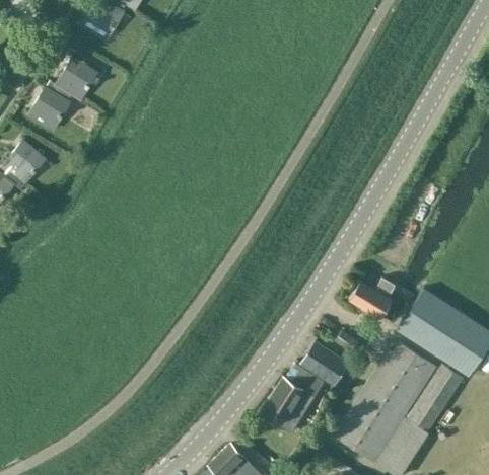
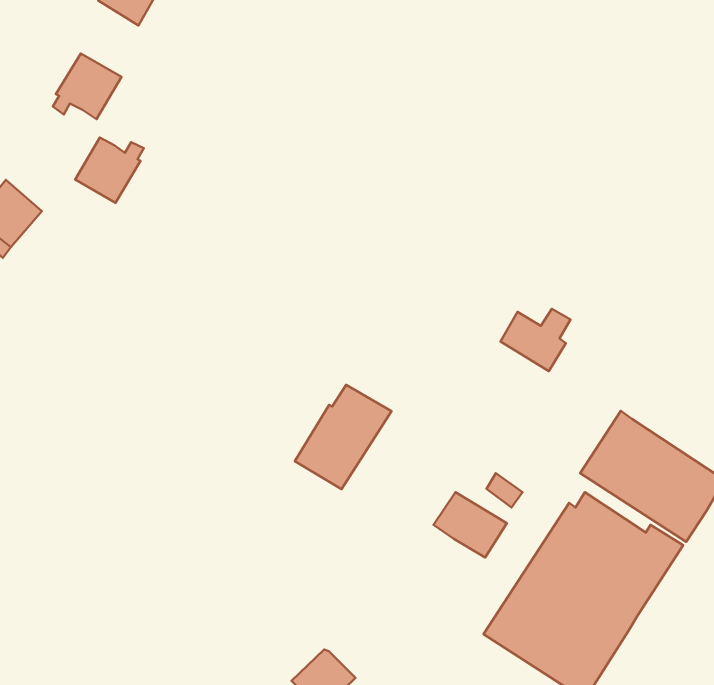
building: [28,87,73,130] -> [75,137,144,203]
building: [350,278,396,318] -> [500,309,571,371]
building: [262,364,325,431] -> [295,385,392,489]

